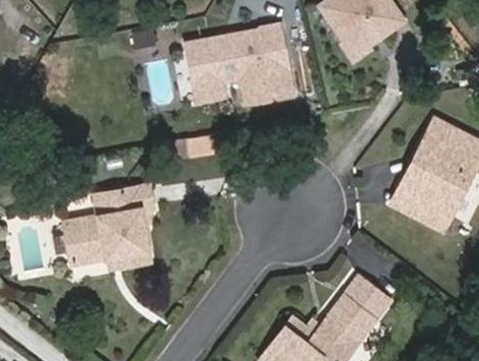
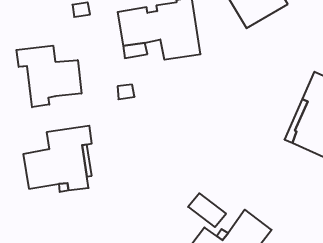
building: none -> [16,46,81,107]
building: [346,275,394,317] -> [188,193,226,227]

